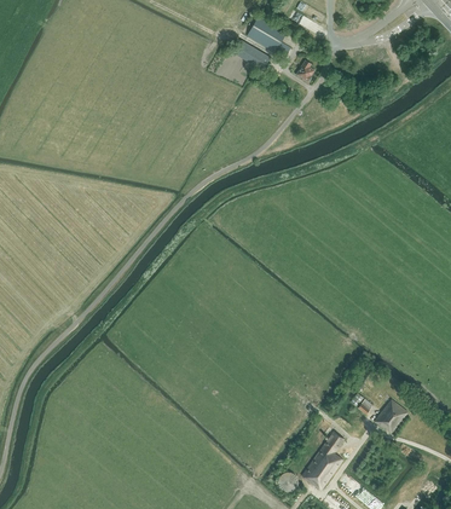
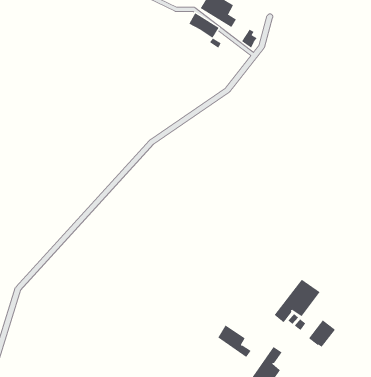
building: none -> [274,279,320,323]
building: none -> [217,324,251,358]

